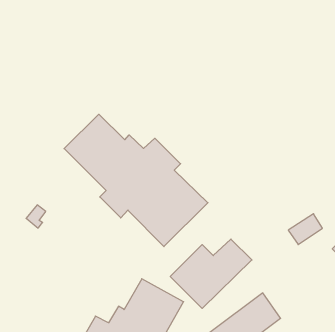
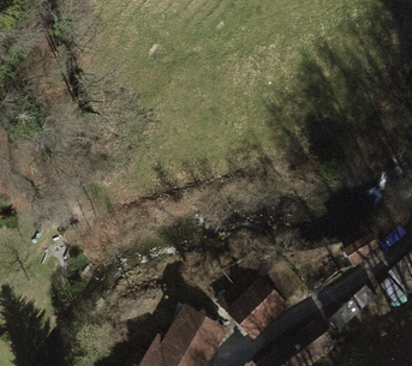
building: [64,114,208,247] -> none

